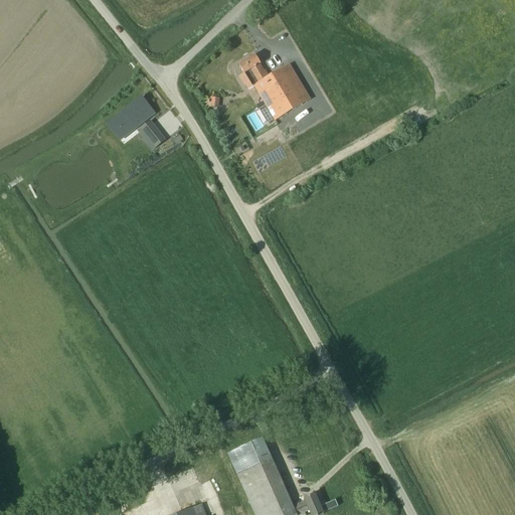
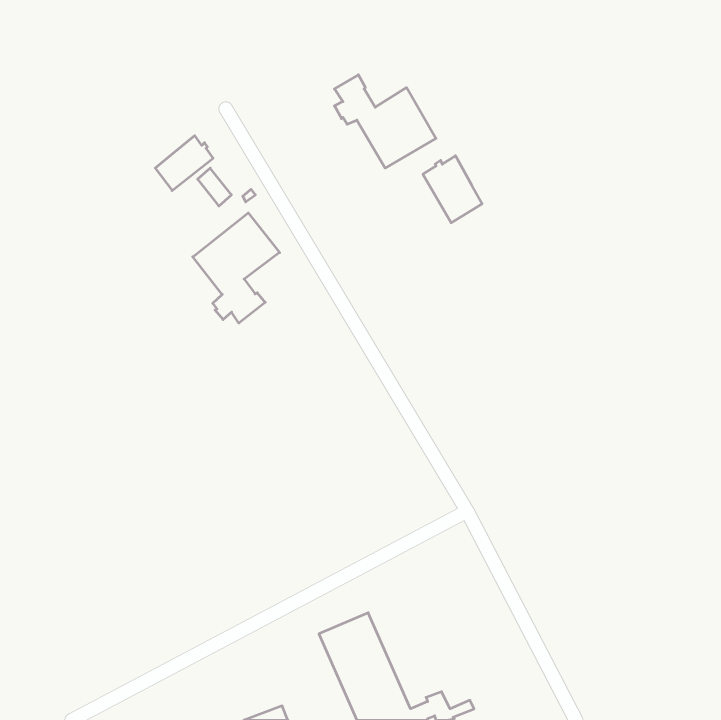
building: none -> [423,156,482,223]
building: none -> [193,213,280,323]

